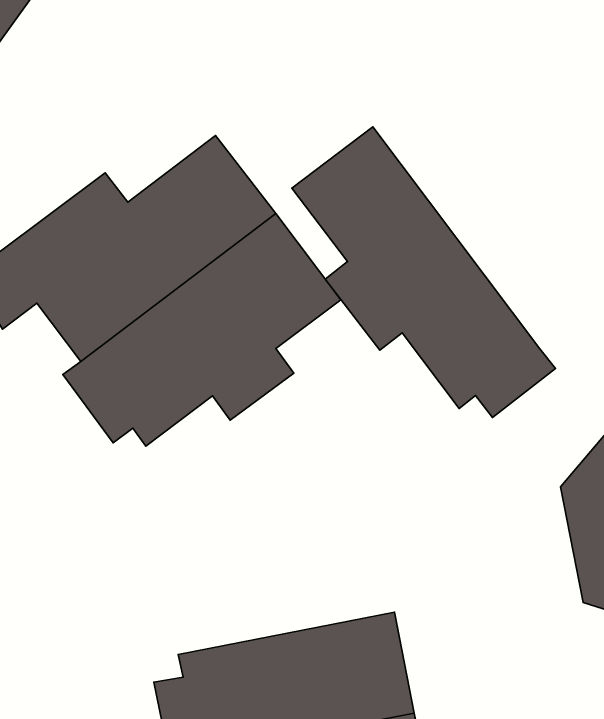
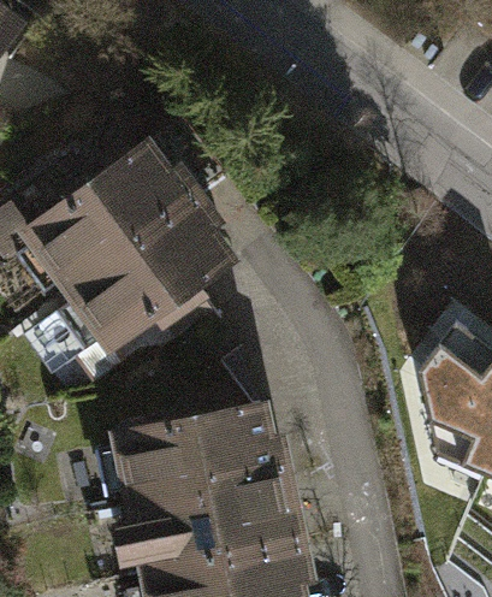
building: [292,127,555,417] -> none
building: none -> [99,401,294,507]

